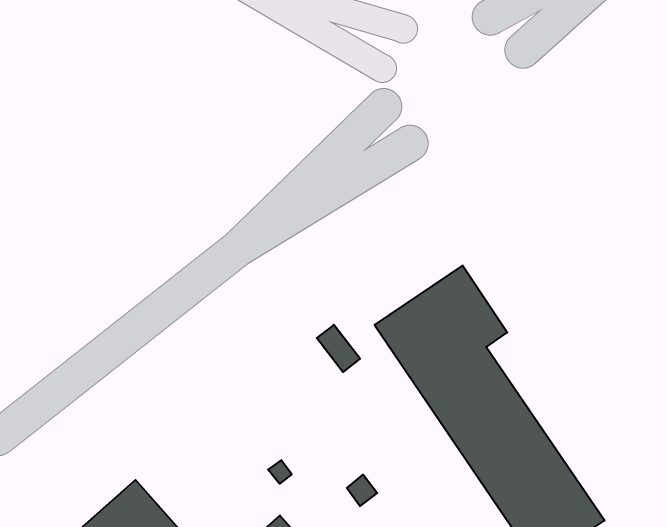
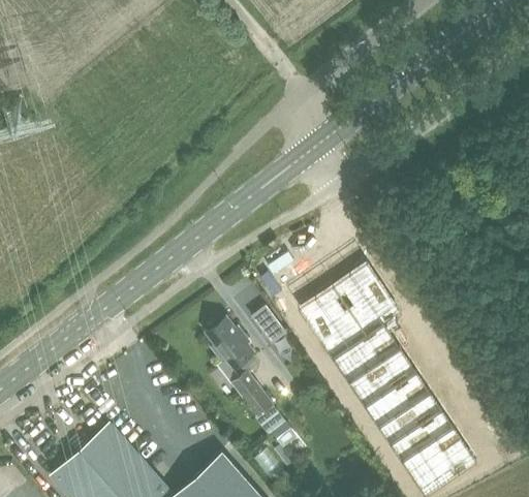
building: none -> [205,315,272,414]

